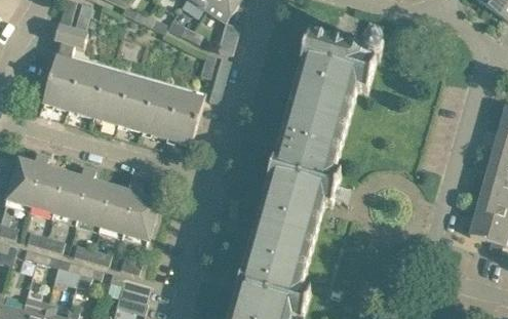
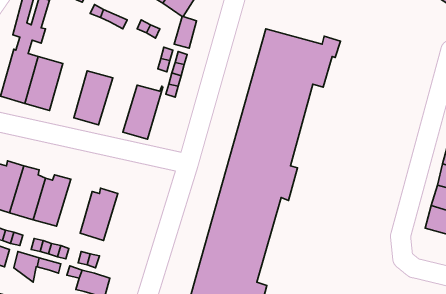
building: [91,69,129,123] -> none
building: [141,83,180,137] -> none
building: [99,185,134,239] -> none

